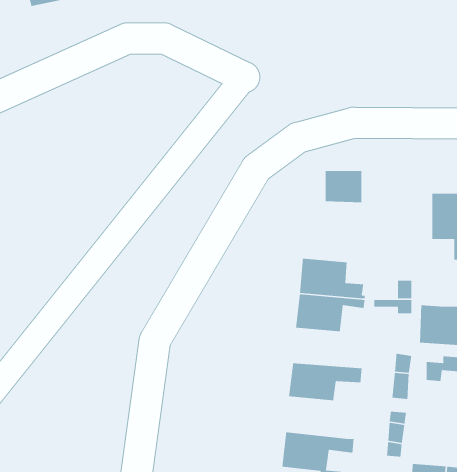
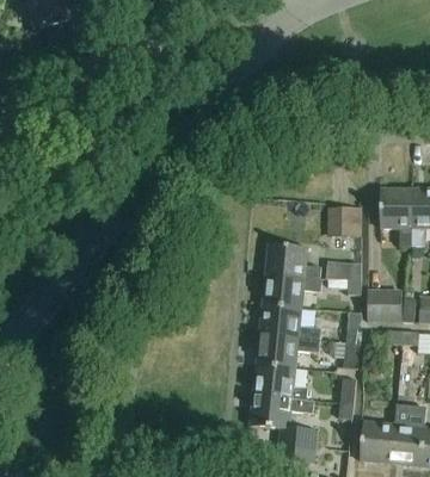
building: [325,170,362,203] -> [328,206,361,235]
building: none -> [258,305,320,340]
building: none -> [252,365,306,401]

